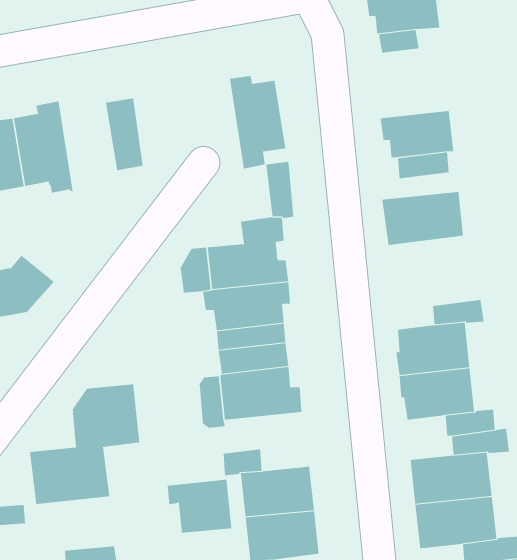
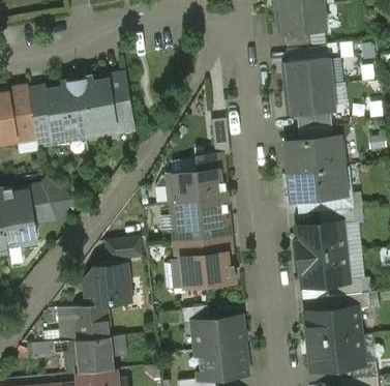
building: none -> [283,58,331,90]
building: [229,75,286,169] -> [77,77,114,138]
building: none -> [291,167,344,202]
building: none -> [106,237,142,259]
building: [167,479,232,533] -> [70,336,113,372]

